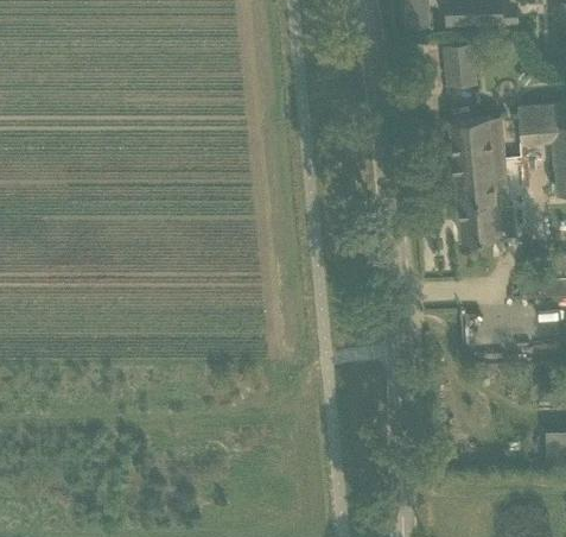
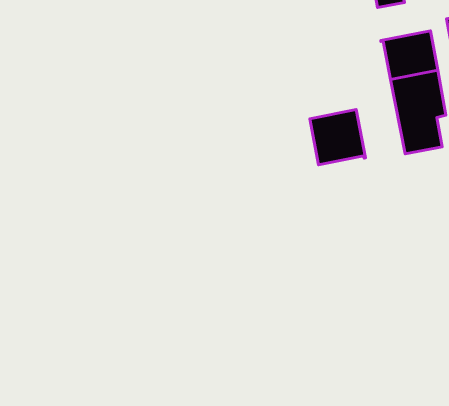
building: none -> [310,109,365,165]

